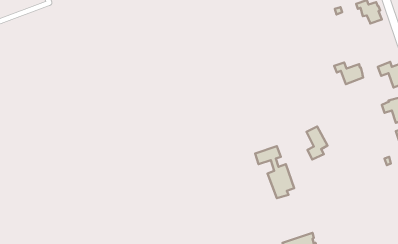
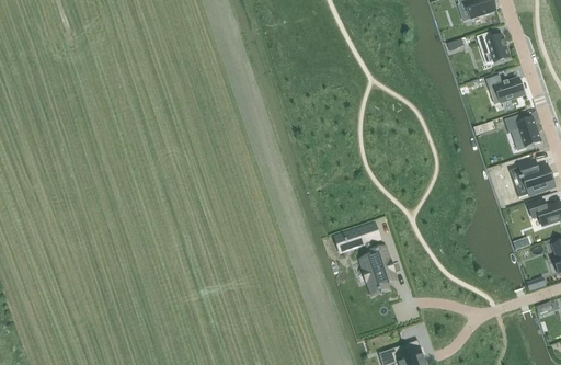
building: [334,63,363,84] -> [485,75,524,103]
building: [307,127,328,159] -> none

